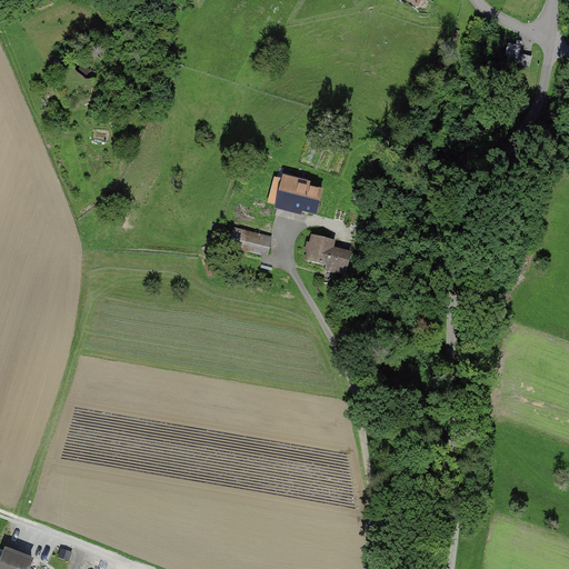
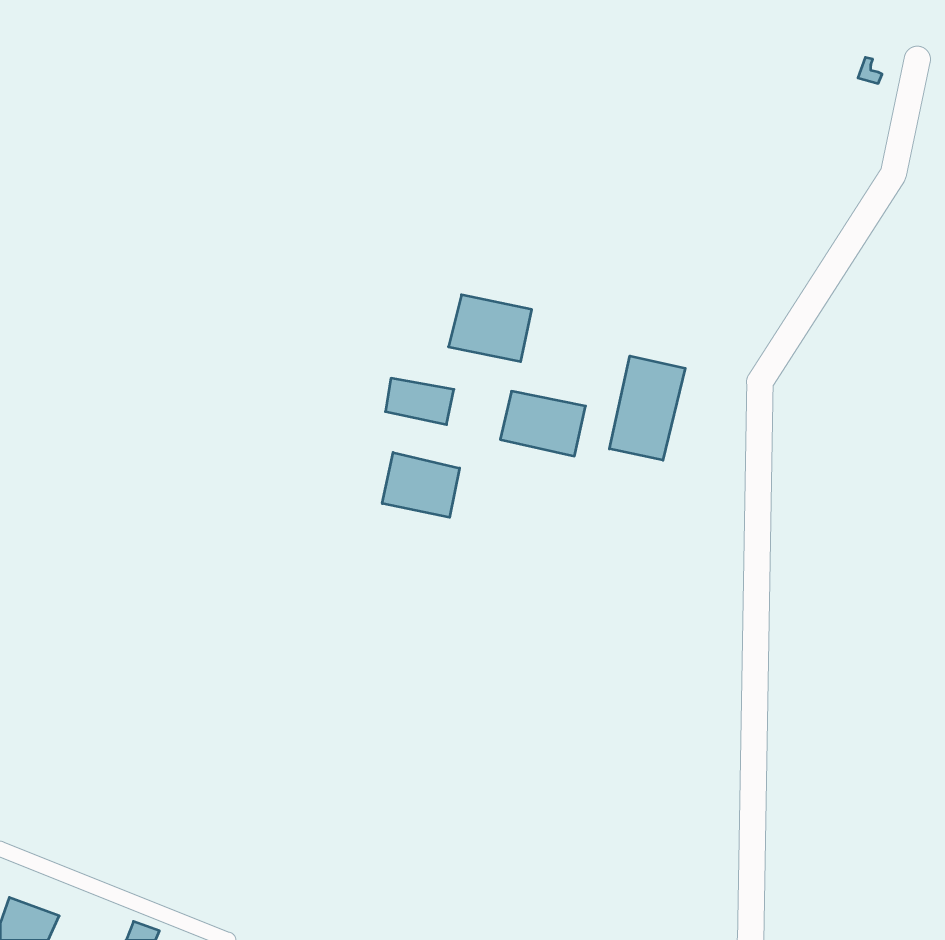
building: none -> [609,356,685,460]
building: none -> [382,452,460,517]

